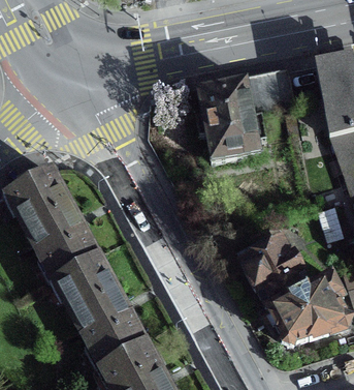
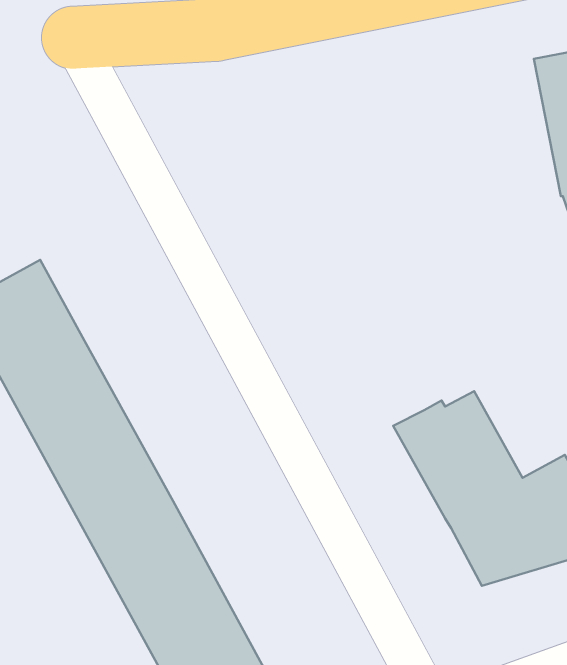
building: [195,65,296,160] -> none

